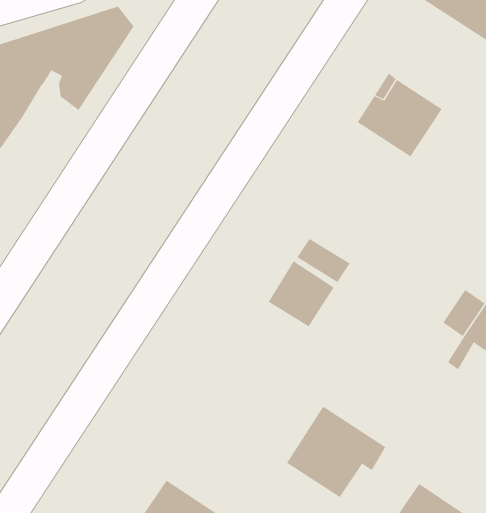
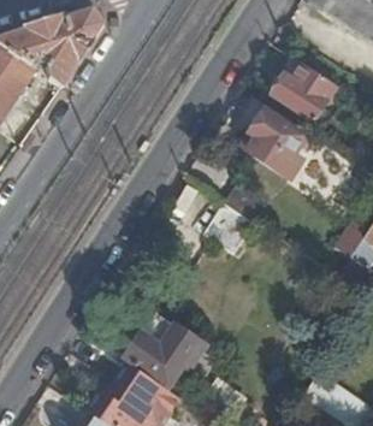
building: none -> [241,112,302,178]
building: [286,406,386,498] -> [126,313,202,383]

